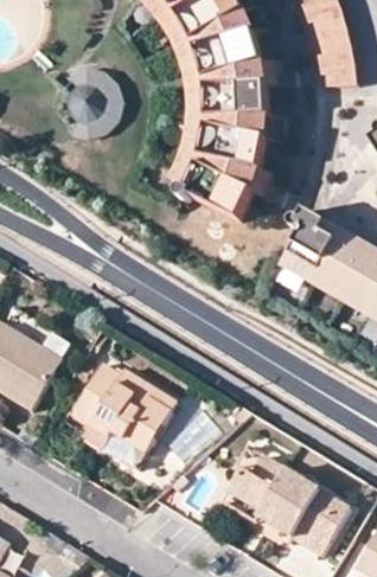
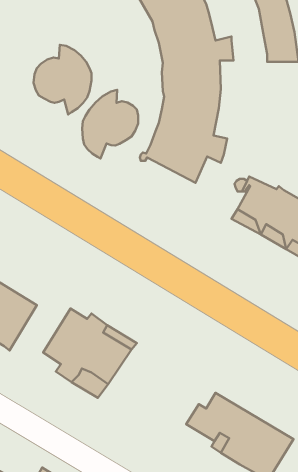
building: none -> [82,90,138,158]

